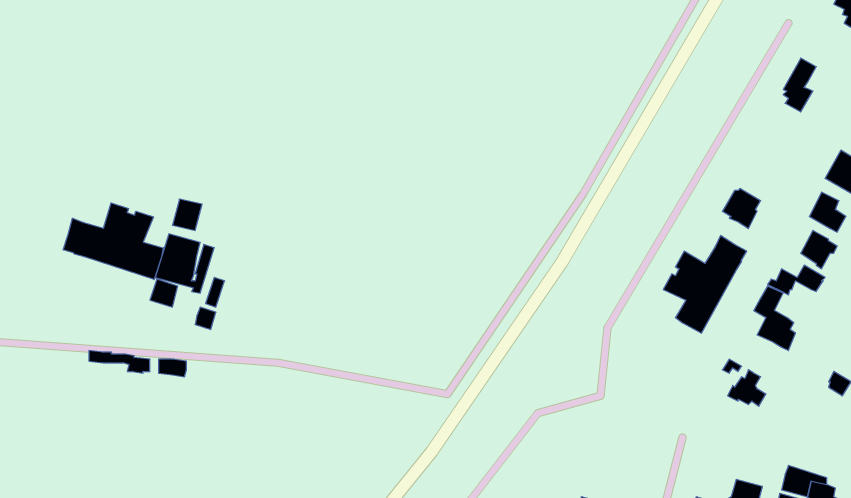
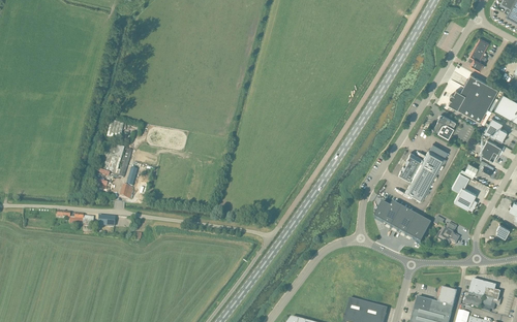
building: none -> [448,72,498,120]
building: [63,203,163,280] -> none
building: none -> [374,201,431,242]

